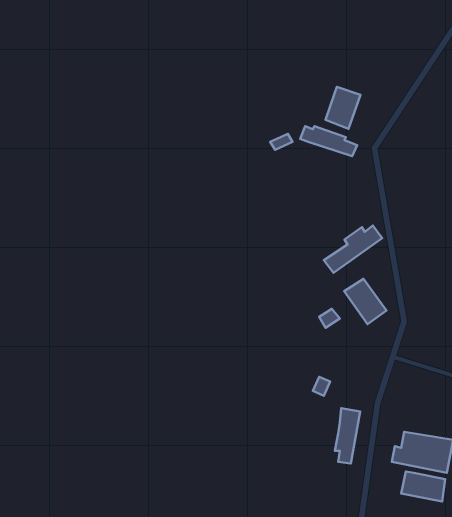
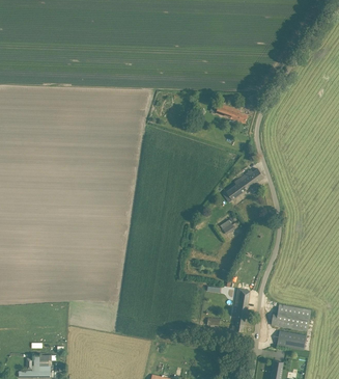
building: [326,87,361,129] -> none
building: [344,279,386,324] -> none

